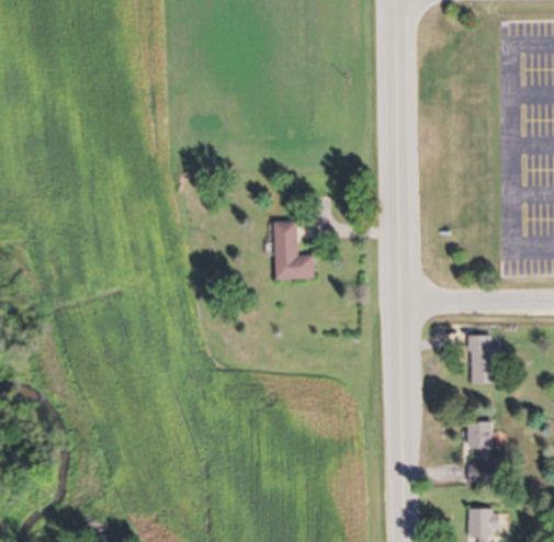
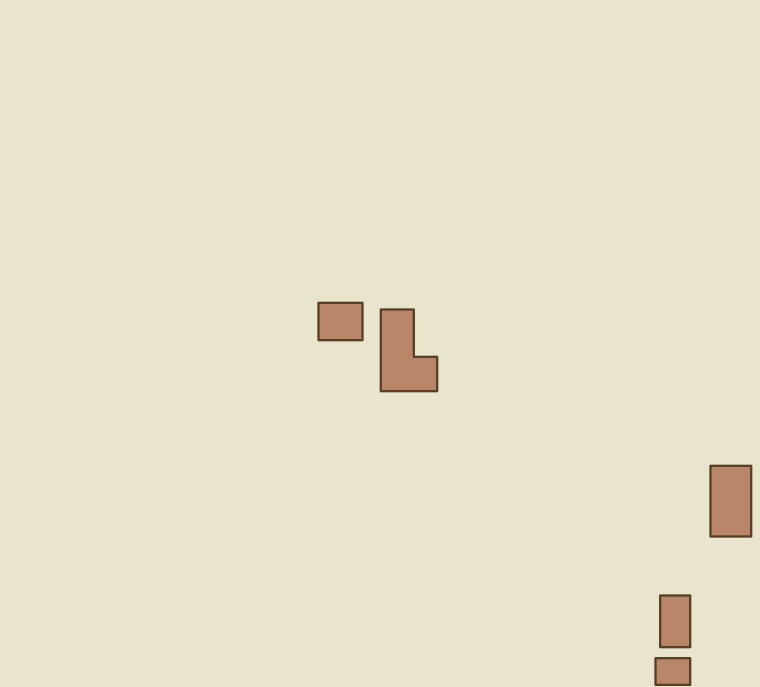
building: none -> [319,303,363,340]
building: [468,335,497,384] -> [710,466,751,536]

